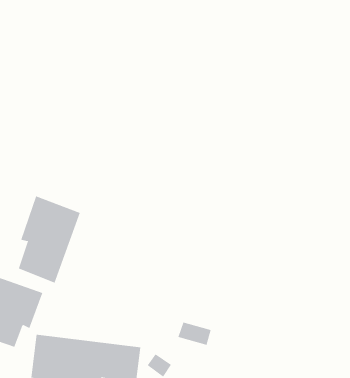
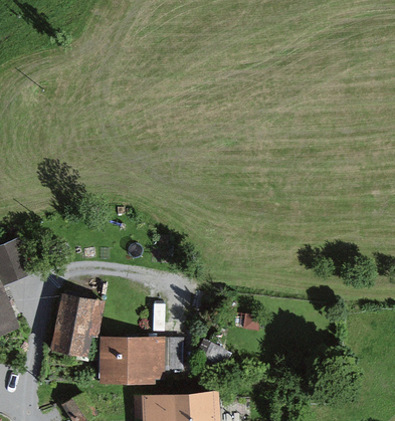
building: [18,195,80,284] -> none

